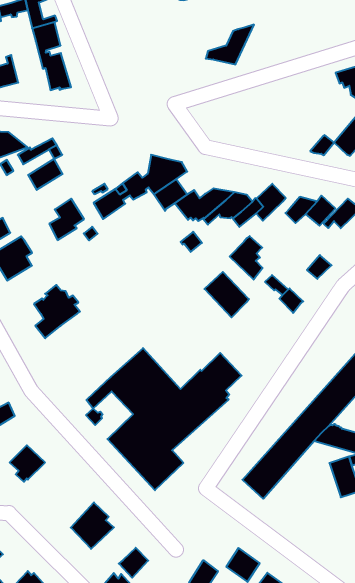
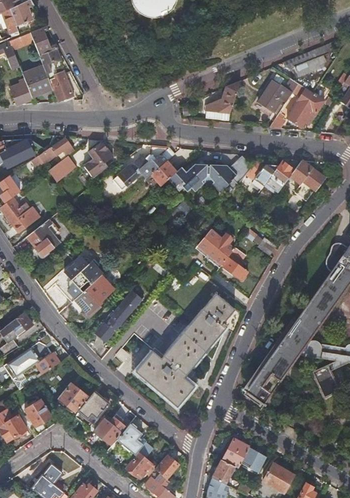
building: [206,25,254,64] -> [204,81,239,114]
building: none -> [21,65,52,99]
building: none -> [255,84,291,113]
building: [49,199,84,240] -> [85,142,112,176]
building: [230,236,263,280] -> [221,247,248,281]
building: none -> [74,276,112,319]
building: none -> [93,290,142,343]
building: none -> [75,391,109,424]
building: none -> [93,414,121,444]
building: none -> [127,444,157,479]
building: none -> [221,438,247,467]

